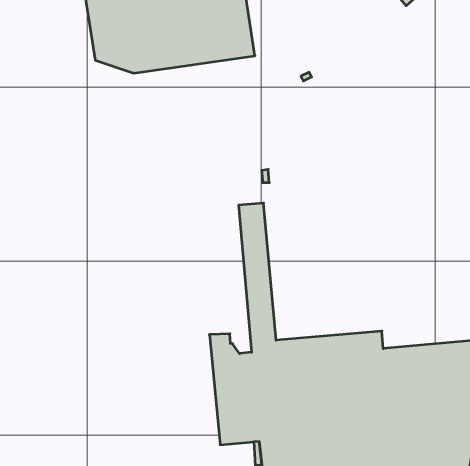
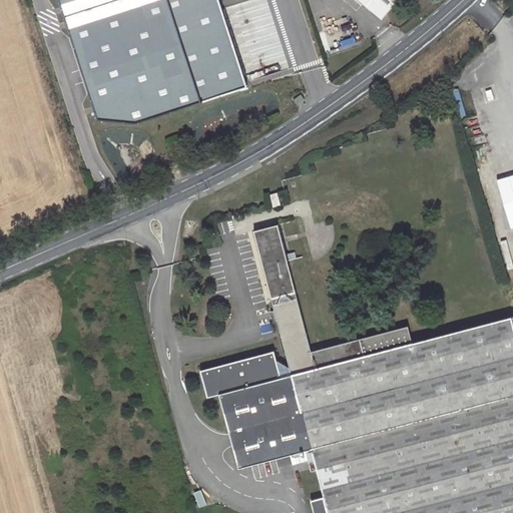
building: none -> [199,356,275,467]

